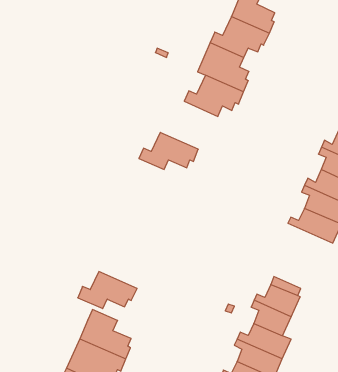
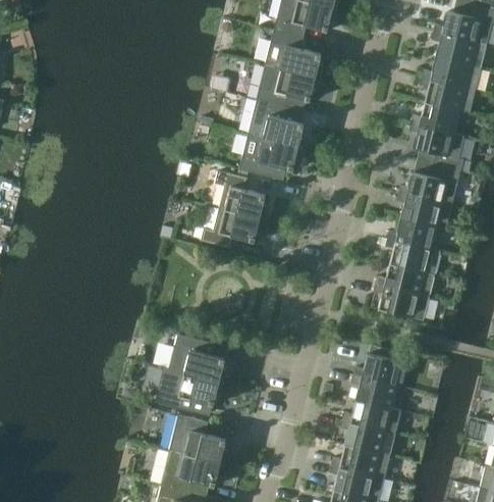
building: none -> [214,170,266,218]
building: none -> [373,283,428,319]
building: none -> [168,334,225,383]

